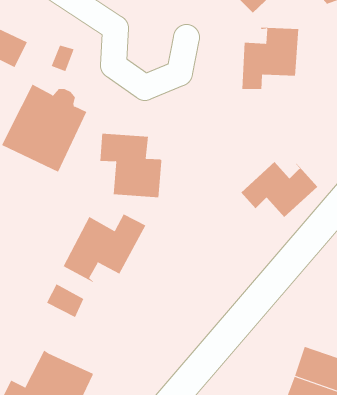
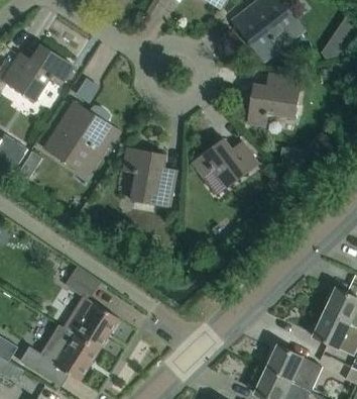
building: [240,161,318,218] -> [192,138,257,187]
building: [63,214,146,283] -> none
building: none -> [63,301,118,348]

